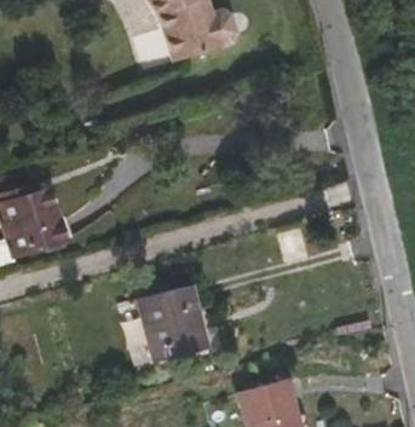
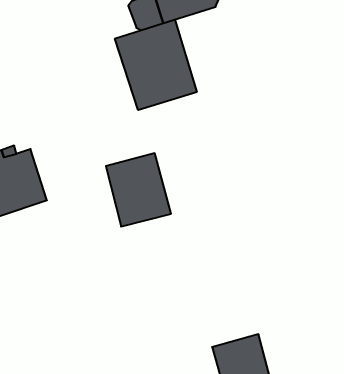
building: none -> [115,20,197,110]
building: [139,285,207,362] -> [106,153,171,227]

